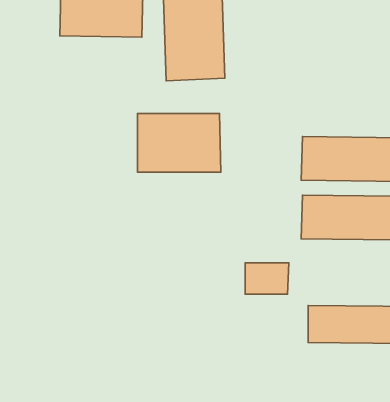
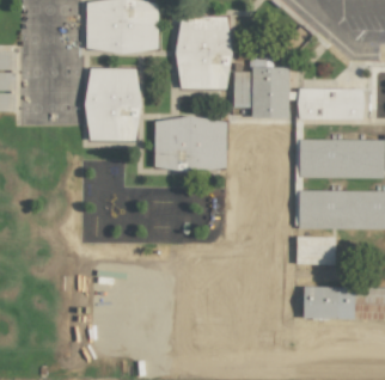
building: none -> [233,57,288,118]
building: none -> [86,67,139,141]
building: none -> [298,87,363,119]
building: [245,263,289,294] -> [297,237,335,264]

